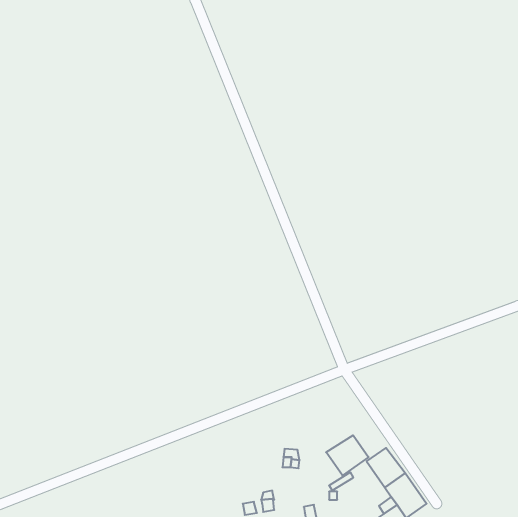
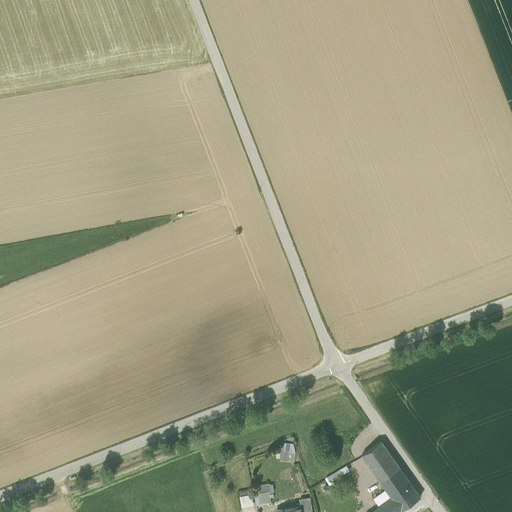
building: [326,435,369,476] -> none

